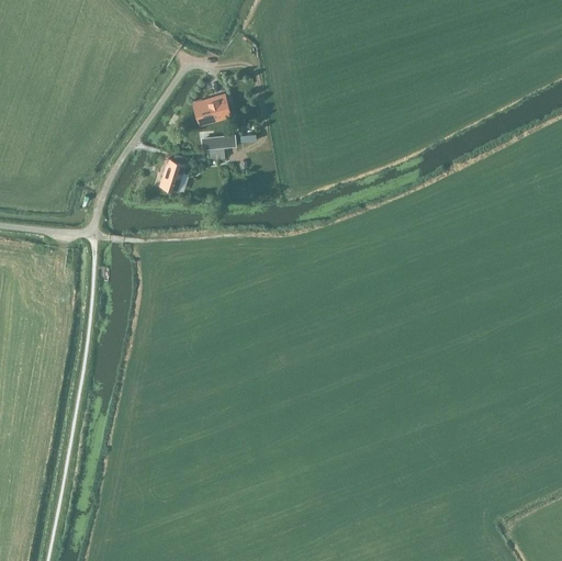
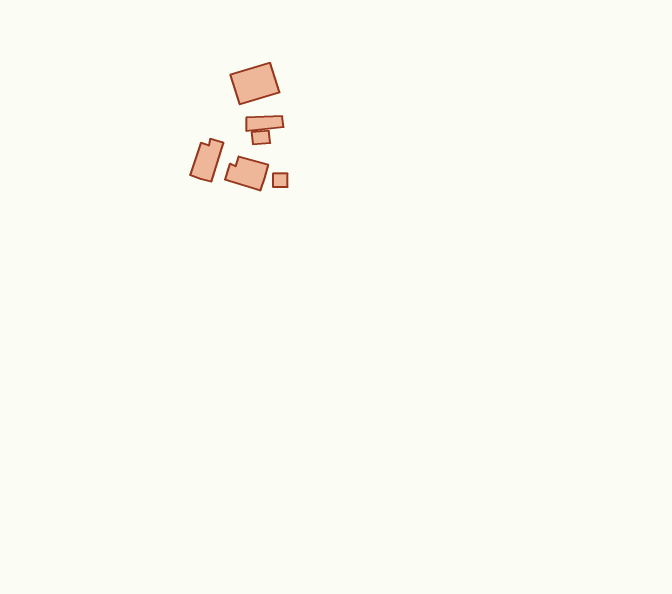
building: none -> [225,156,268,191]

